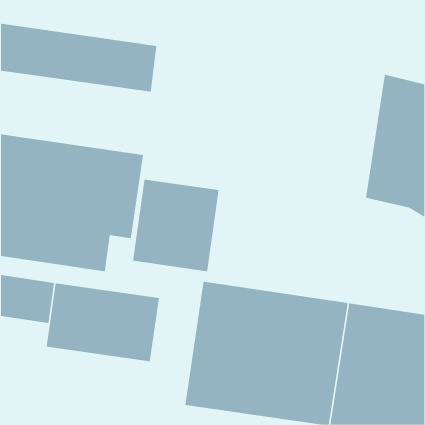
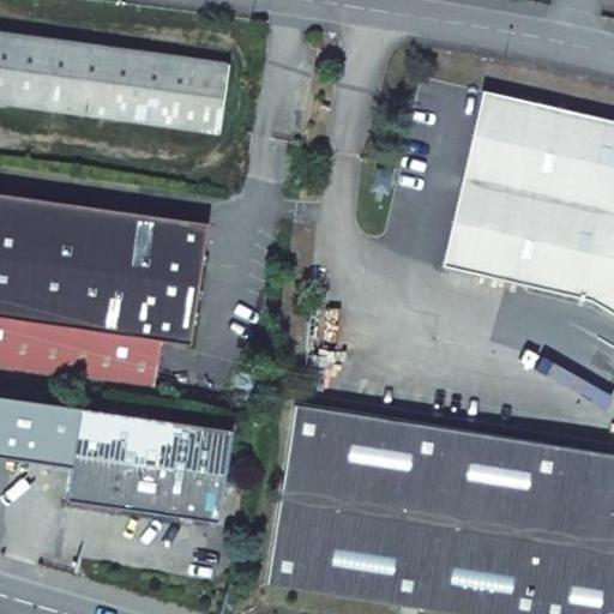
building: none -> [440,89,554,285]
building: [132,179,219,272] -> none

